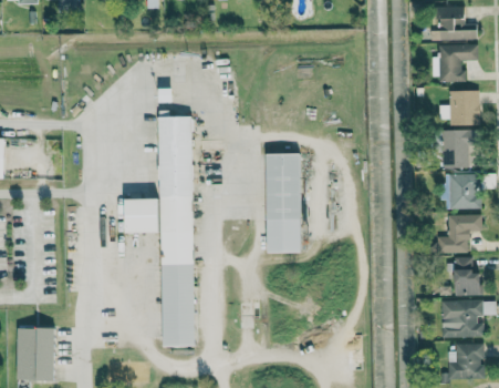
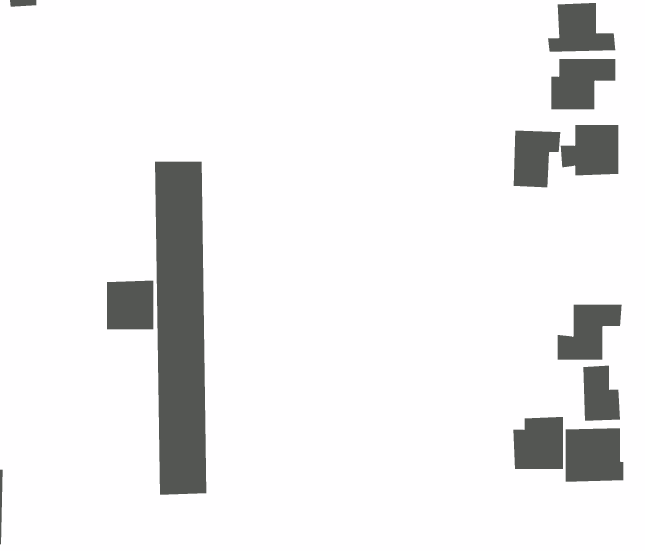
building: [444,130,477,170] -> [513,130,561,188]
building: [267,154,302,254] -> none
building: [445,174,480,210] -> none
building: [448,344,484,380] -> [513,416,564,469]

